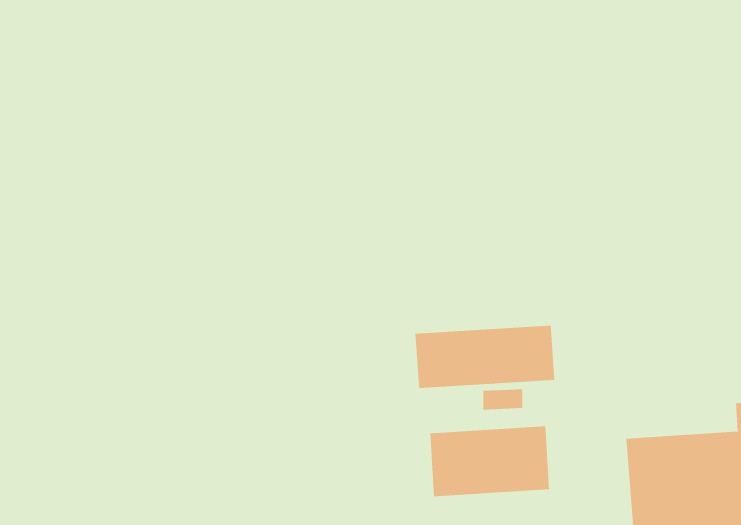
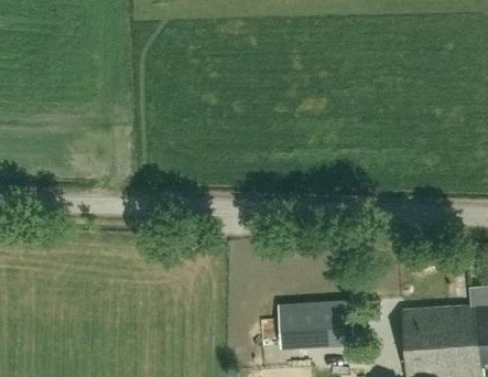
building: [415,325,555,389] -> none

